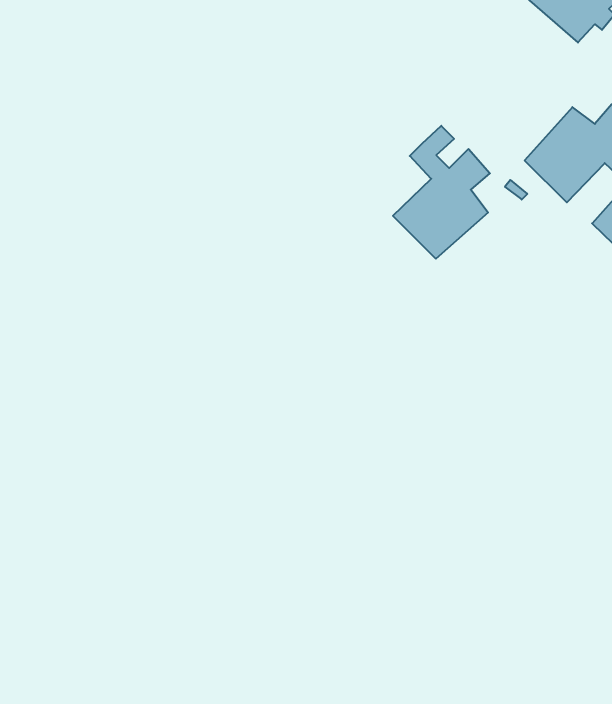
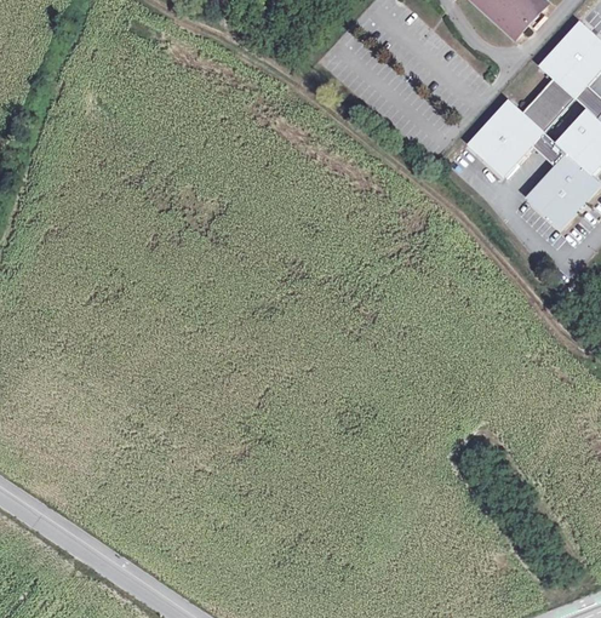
building: [393,126,490,259] -> none

